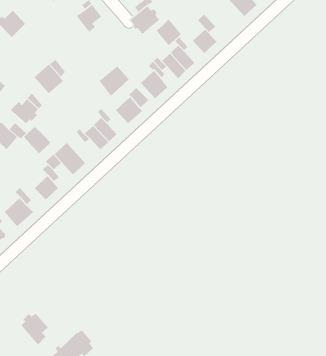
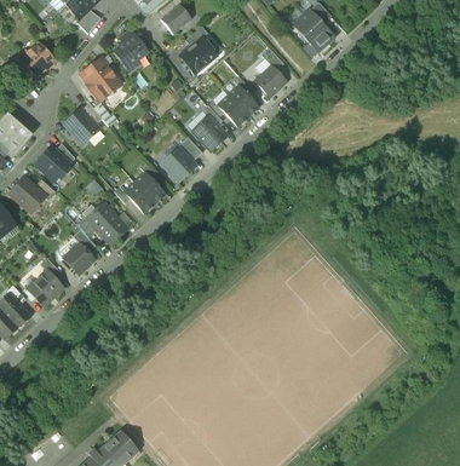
building: [156,19,182,46] -> none
building: none -> [81,58,117,98]
building: [99,66,130,96] -> none
building: [23,126,51,154] -> none
building: [20,313,49,345] -> none

